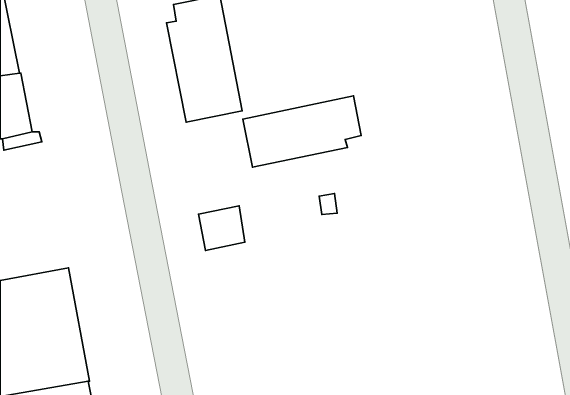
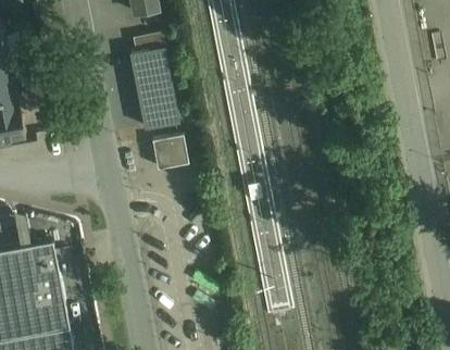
building: [243,96,361,167] -> none
building: [199,206,245,250] -> [152,137,188,172]

